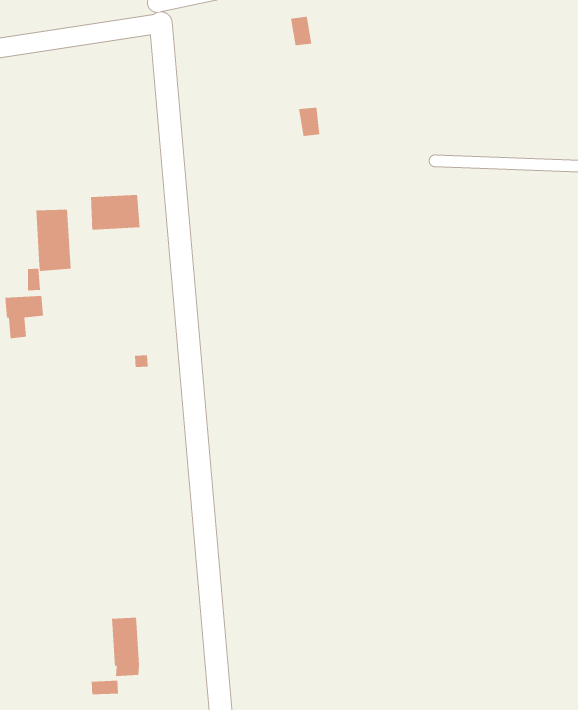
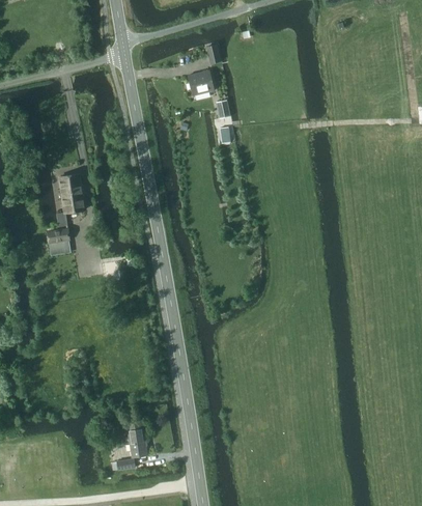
building: none -> [188,69,214,95]
building: [90,194,140,231] -> none

